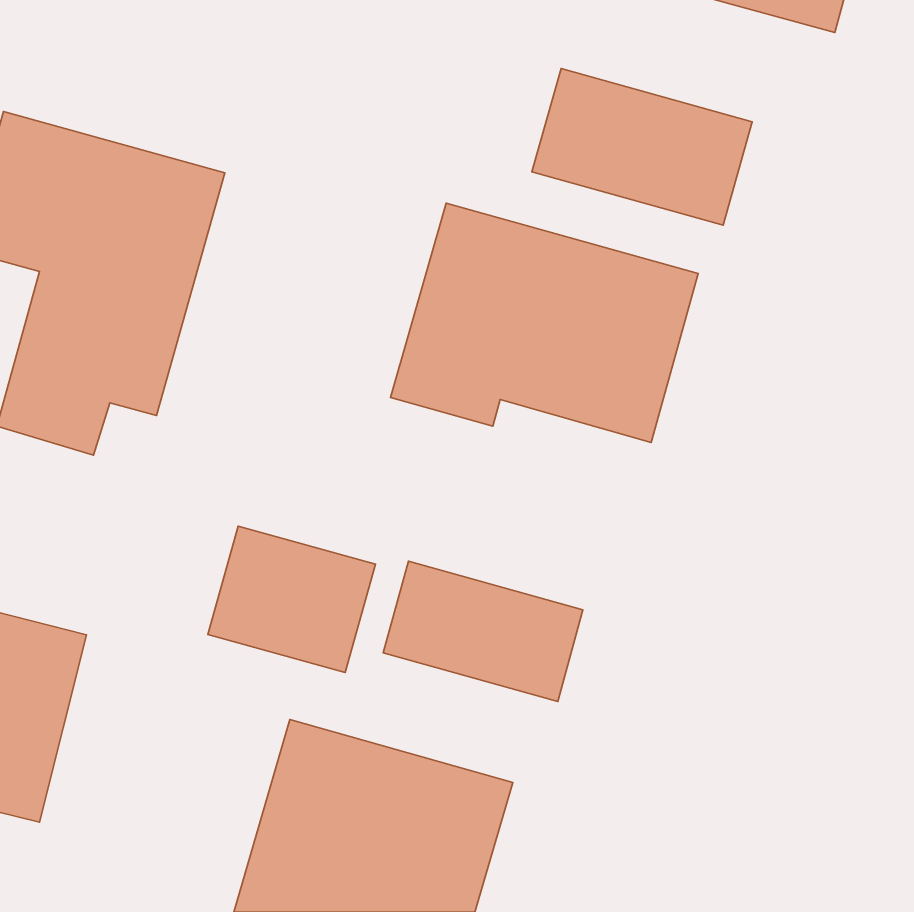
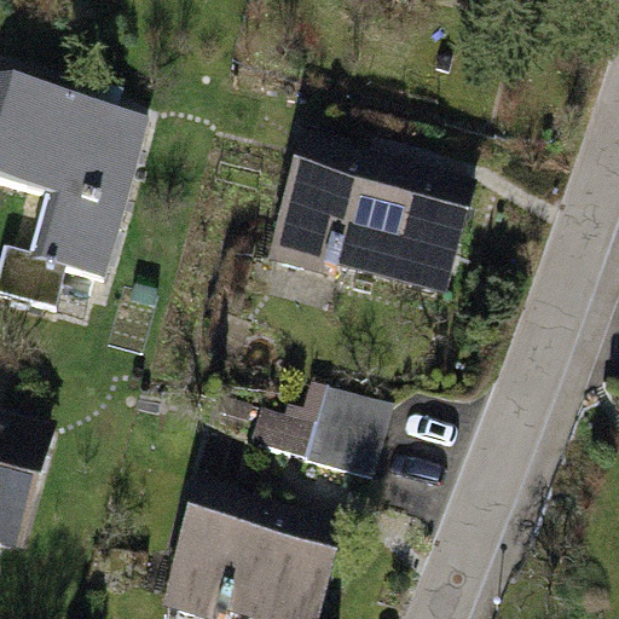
building: [532,69,752,225] -> none
building: [208,526,376,673] -> none

